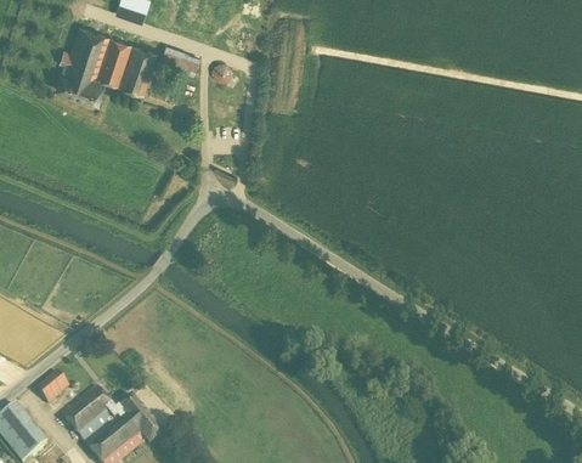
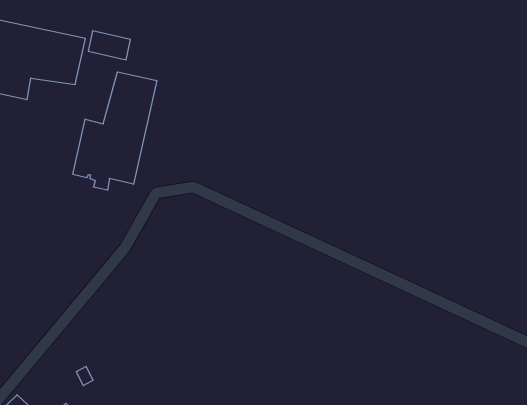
building: none -> [73,72,157,190]

